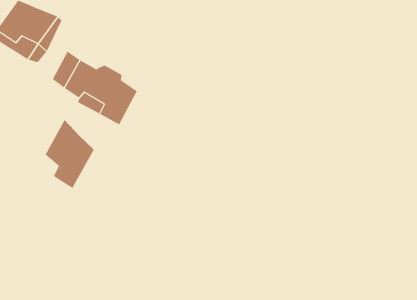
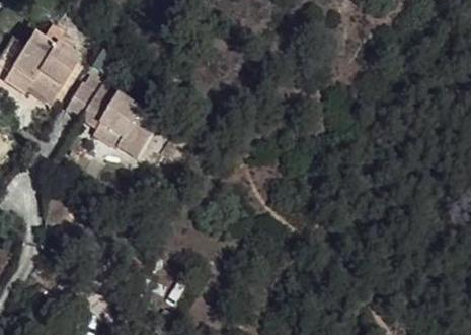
building: [45,119,94,189] -> none

